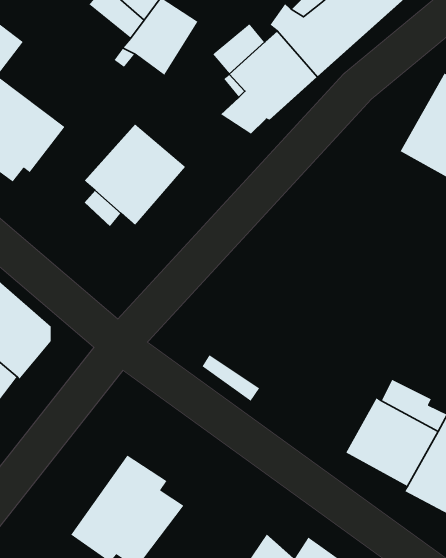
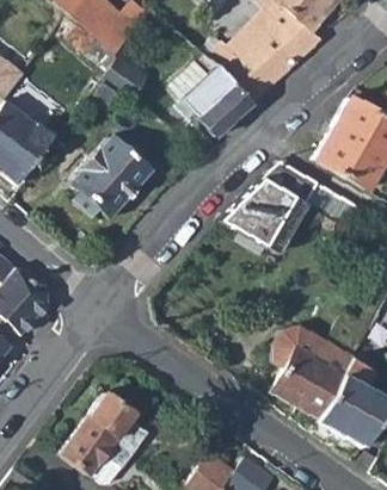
building: none -> [225,160,322,253]

